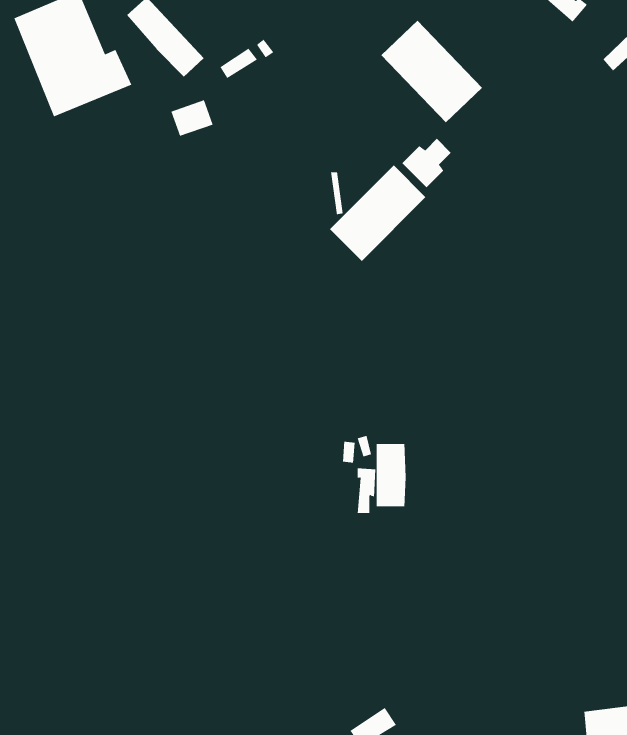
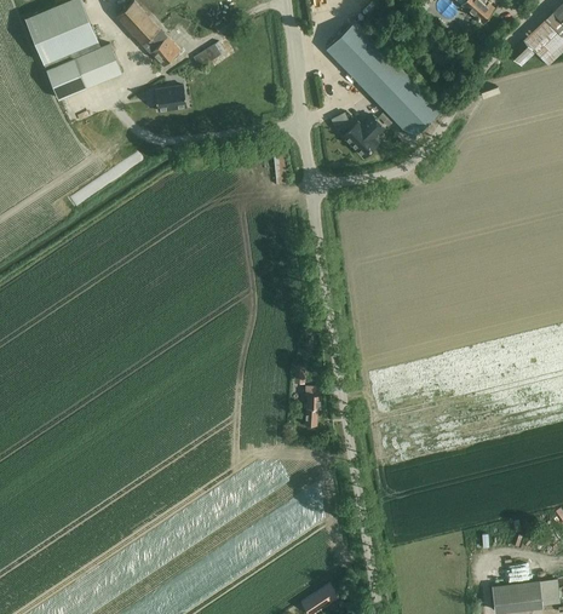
building: none -> [379,76,442,139]
building: [329,165,426,262] -> none
building: [376,443,406,507] -> none

